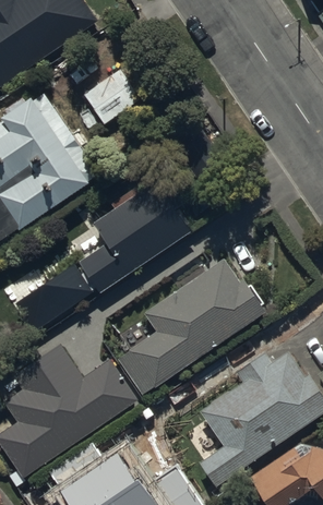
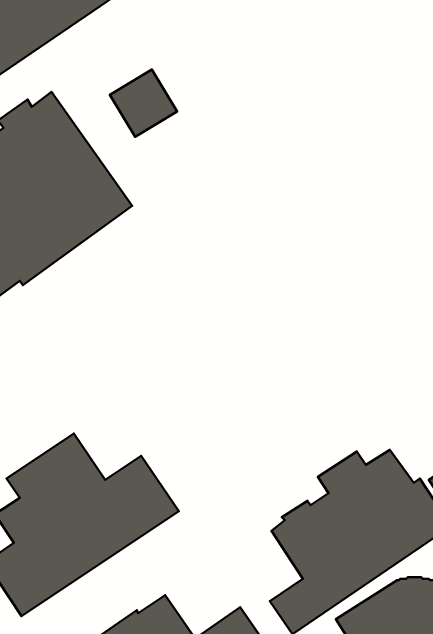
building: [14,179,189,332] -> none
building: [117,262,266,397] -> none

